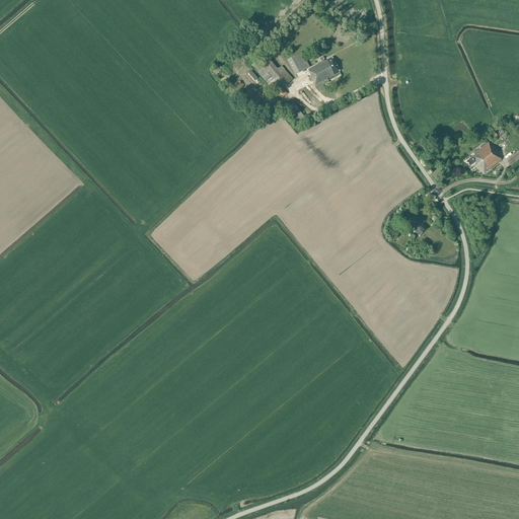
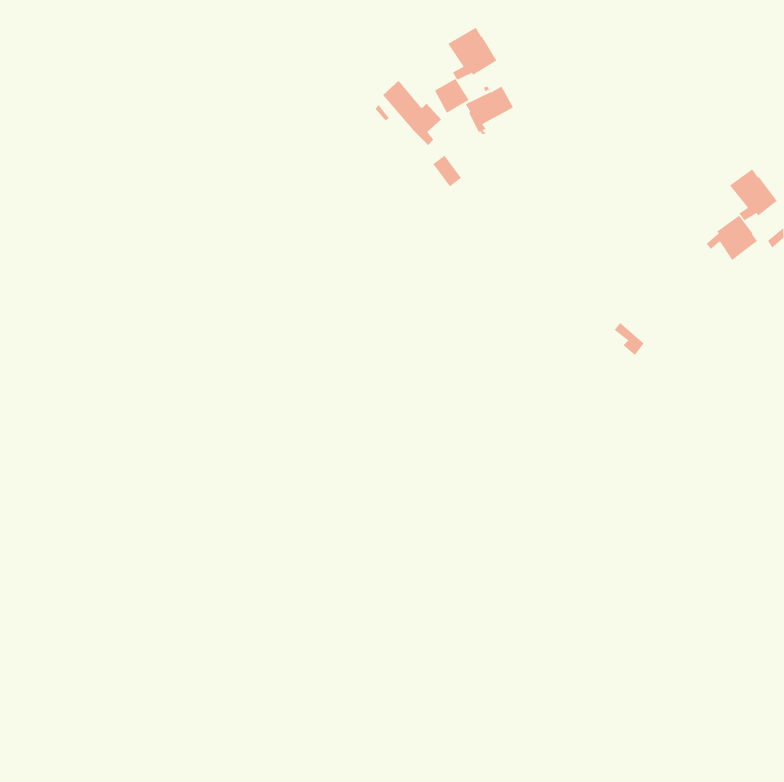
building: none -> [447,27,497,80]
building: none -> [729,169,778,221]

